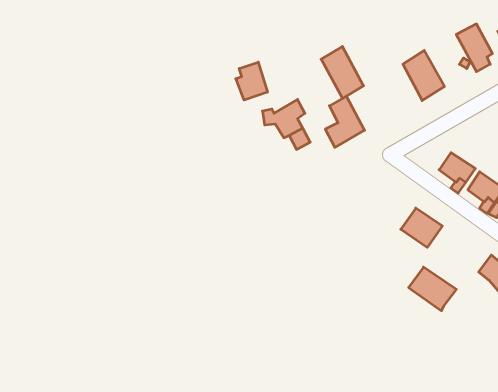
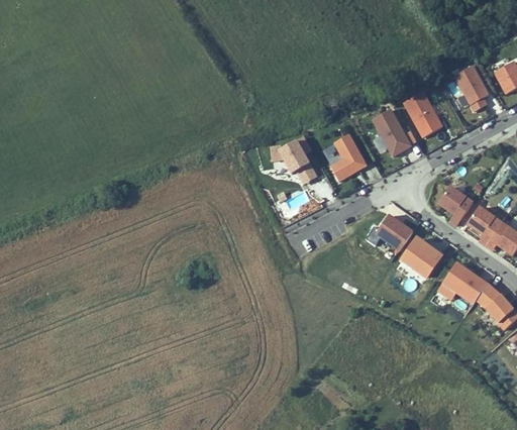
building: [321,46,364,99] -> [372,107,412,156]
building: [236,62,267,100] -> none
building: none -> [376,213,413,249]
building: [409,267,456,311] -> [442,262,488,304]

